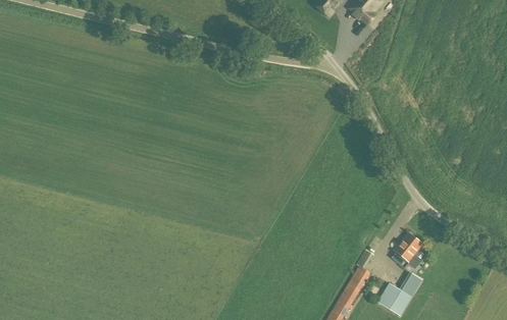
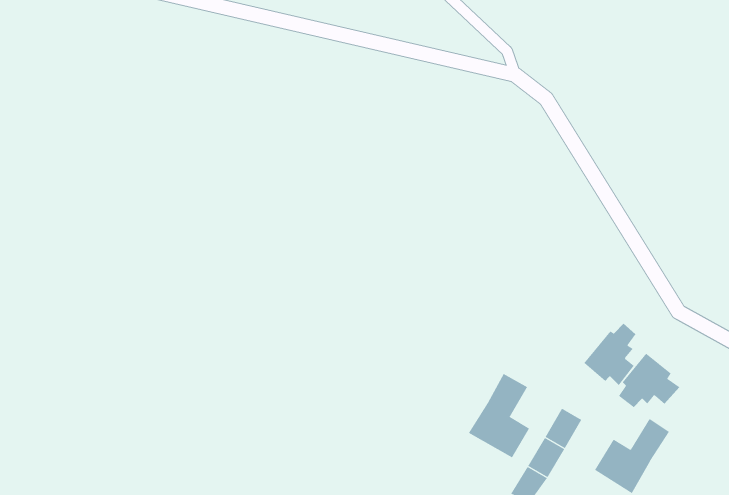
building: none -> [583,323,636,386]
building: none -> [468,373,530,458]

